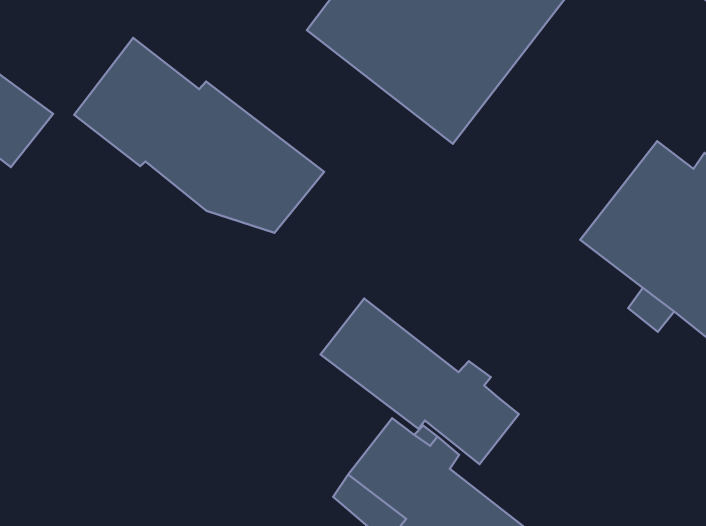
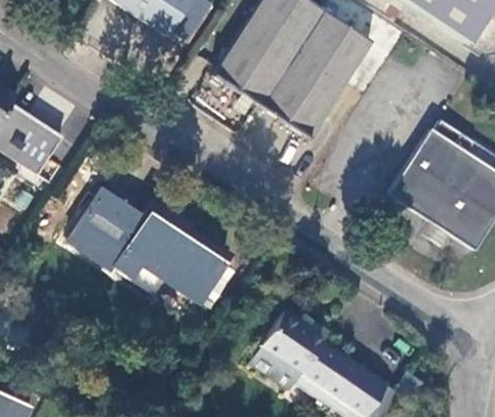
building: [74,38,324,233] -> [69,189,225,302]
building: [321,298,519,464] -> none

